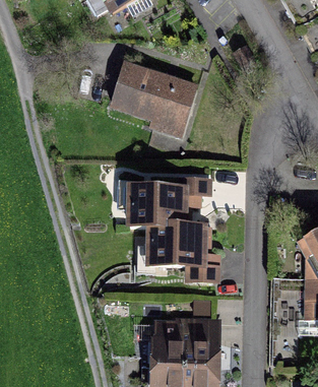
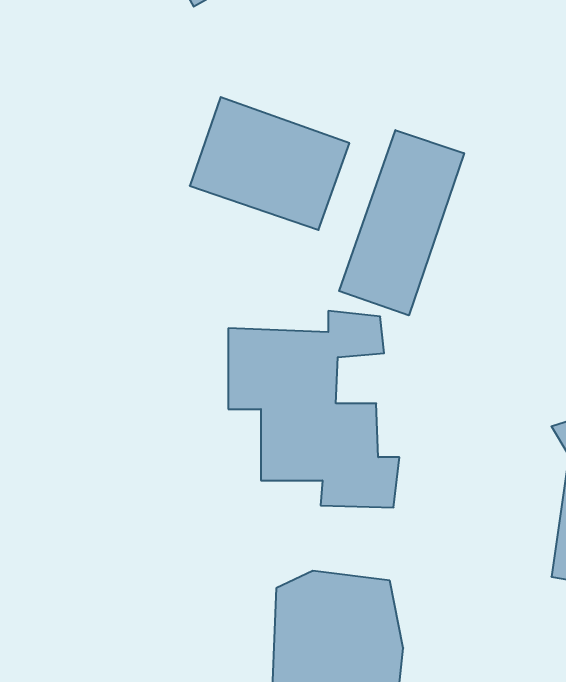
building: none -> [339,130,464,315]

